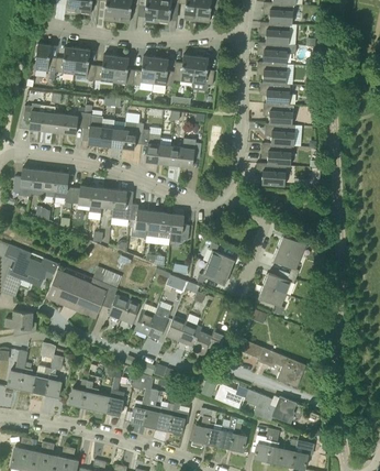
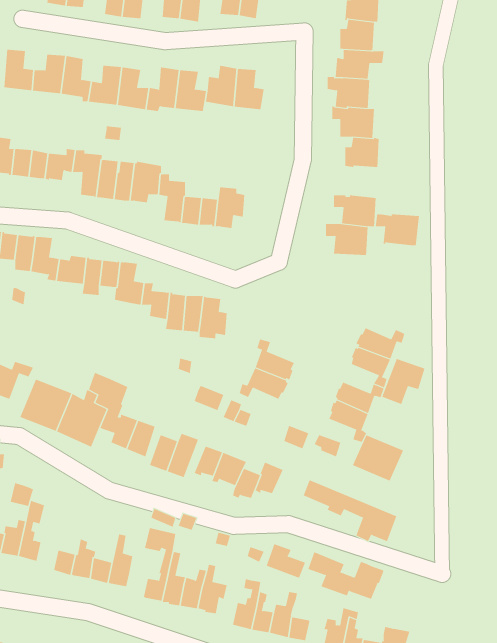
building: [265,124,295,146] -> [375,214,420,246]
building: none -> [382,358,425,405]
building: none -> [352,435,404,481]

